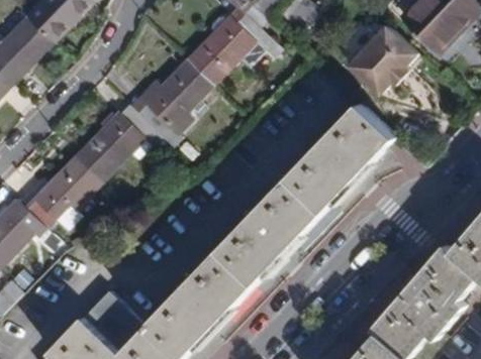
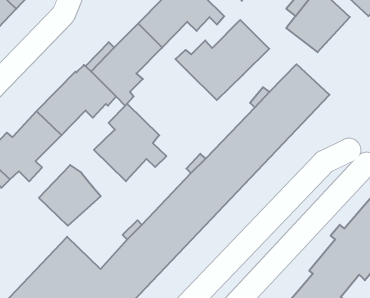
building: none -> [175,20,269,100]
building: none -> [94,104,166,181]
building: none -> [39,165,101,226]

